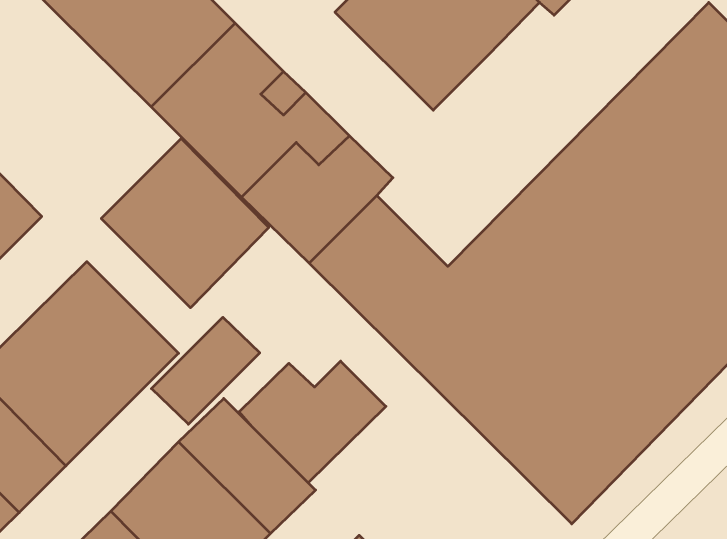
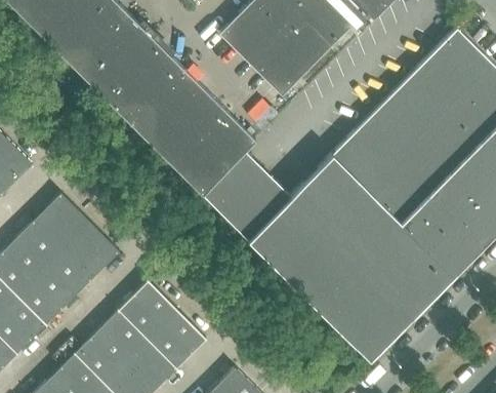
building: [101,139,269,308] -> none
building: [151,317,260,424] -> none
building: [239,361,386,483] -> none

